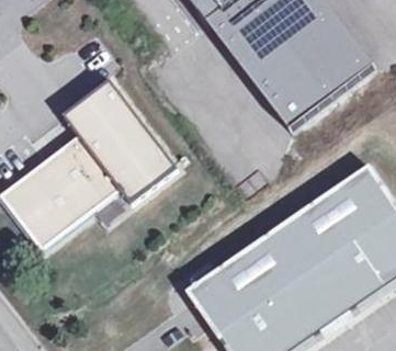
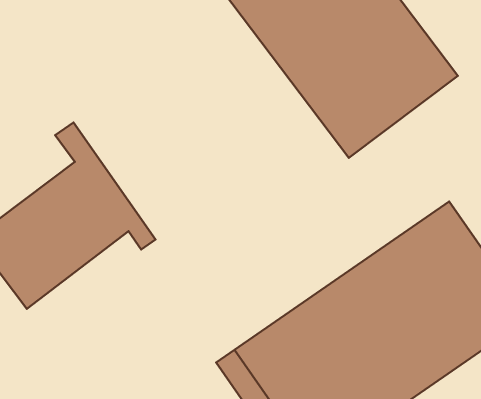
building: [77,79,177,195] -> none

